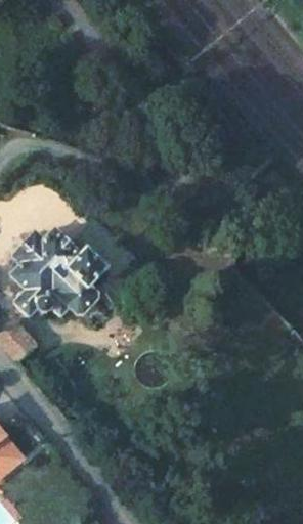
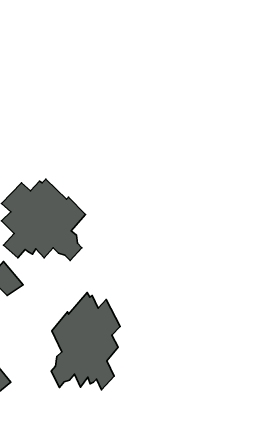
building: none -> [51,293,120,390]

